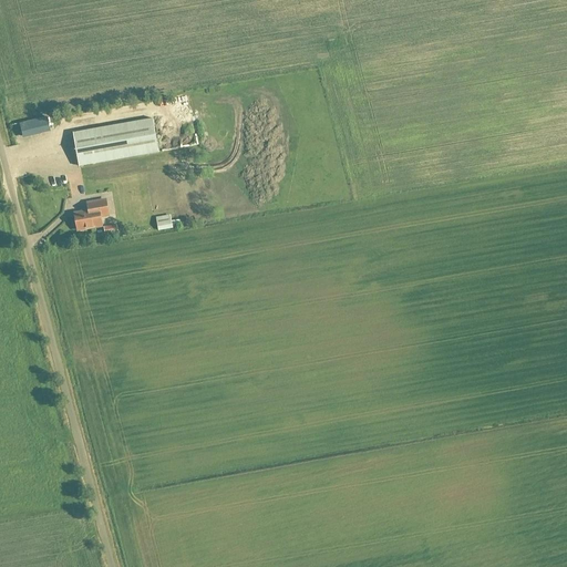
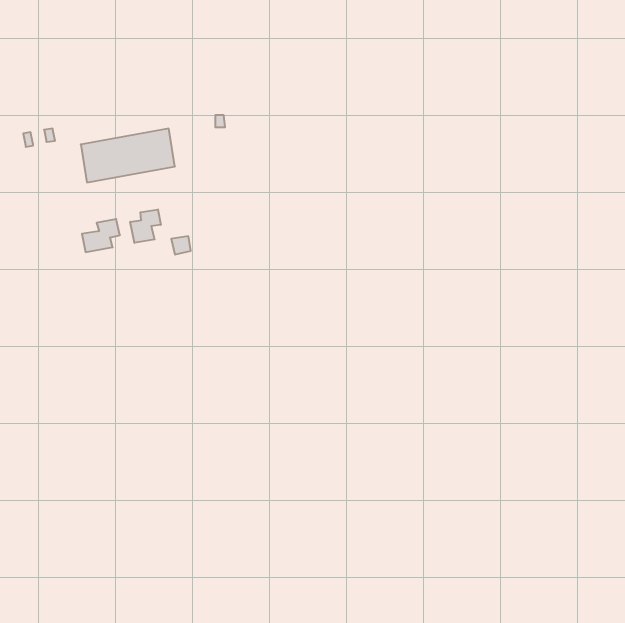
building: none -> [130,209,161,243]

